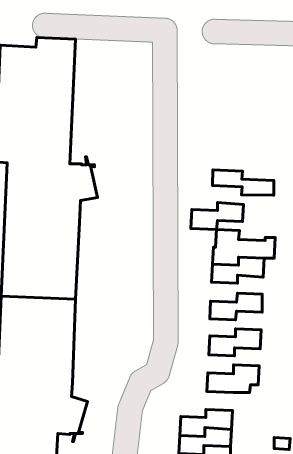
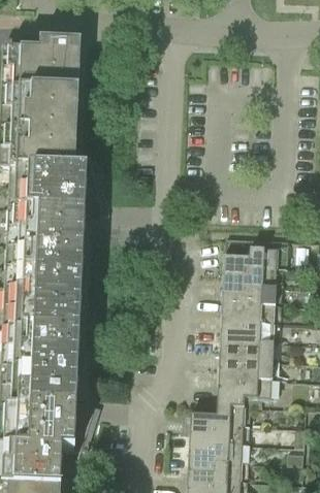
building: [212,170,274,195] -> none
building: [191,203,243,229] -> [221,286,276,314]
building: none -> [220,323,275,350]
building: none -> [218,361,273,388]
building: none -> [190,406,245,433]

